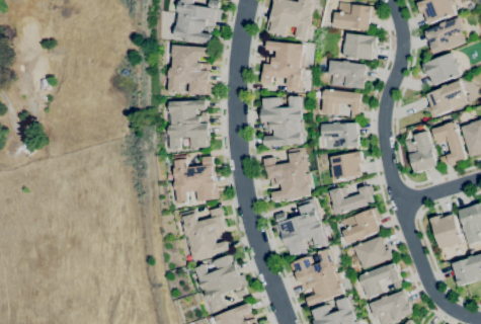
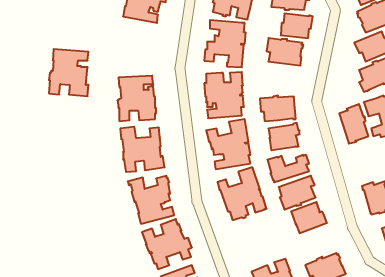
building: [168,45,211,95] -> [49,49,89,96]
building: [322,89,364,118] -> none
building: [290,248,344,306] -> none
building: [359,263,403,299] -> none

